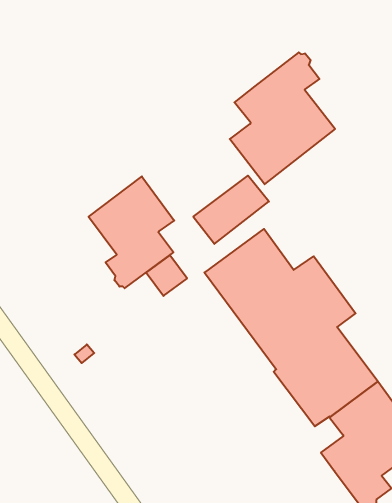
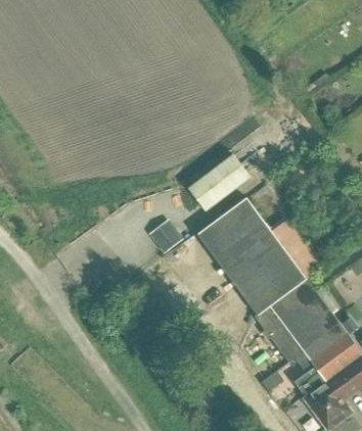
building: [230,52,335,184] -> none
building: [89,176,174,288] -> none

